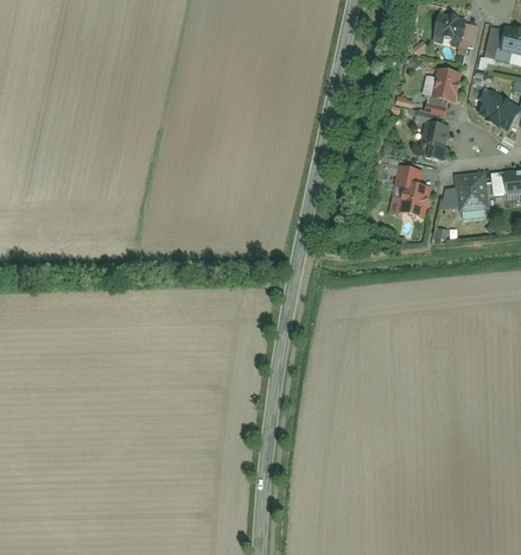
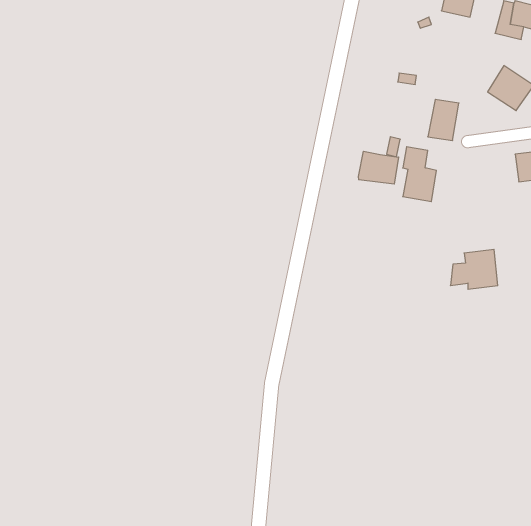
building: [430,68,458,102] -> none
building: none -> [358,151,399,184]
building: [441,174,487,212] -> [450,249,498,289]

